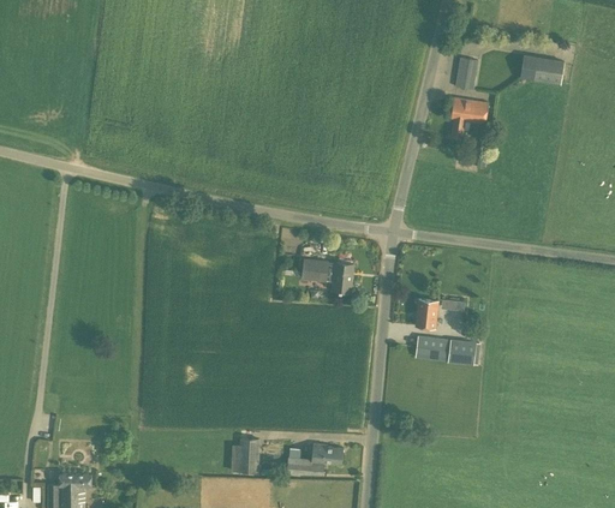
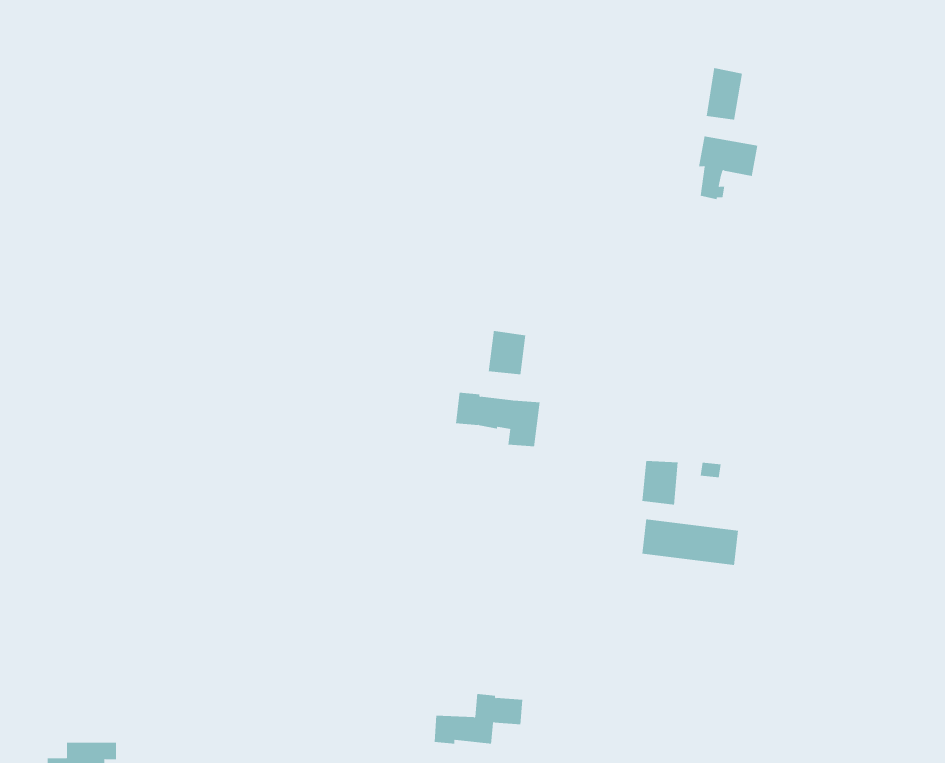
building: [531,56,563,84] -> none
building: none -> [488,330,526,375]
building: [238,437,258,471] -> none

